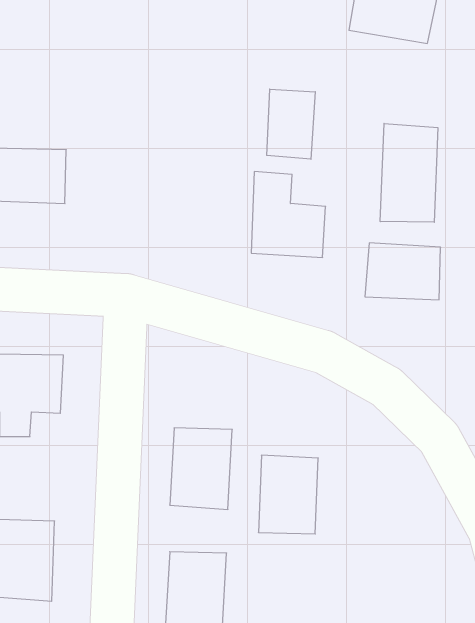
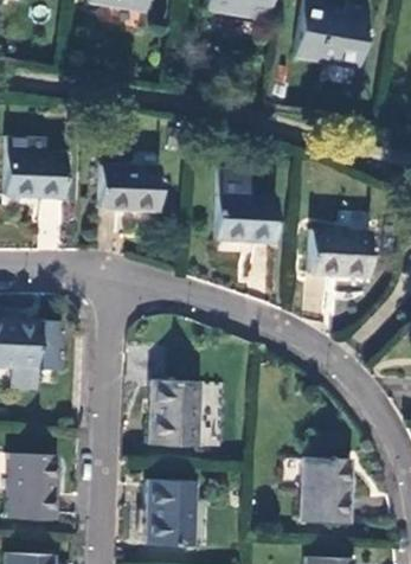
building: [267,89,315,159] -> none
building: [380,123,438,222] -> none
building: none -> [99,165,161,211]
building: [258,455,318,534] -> [303,459,352,523]

